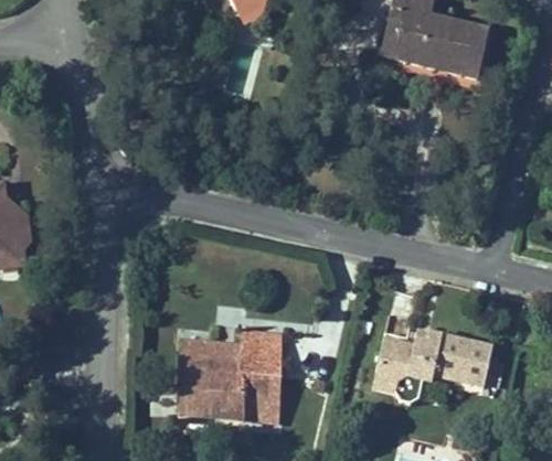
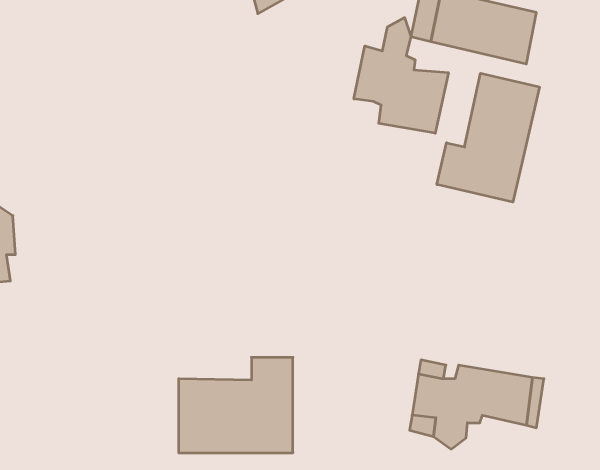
building: none -> [354,18,448,133]
building: none -> [437,73,539,202]

